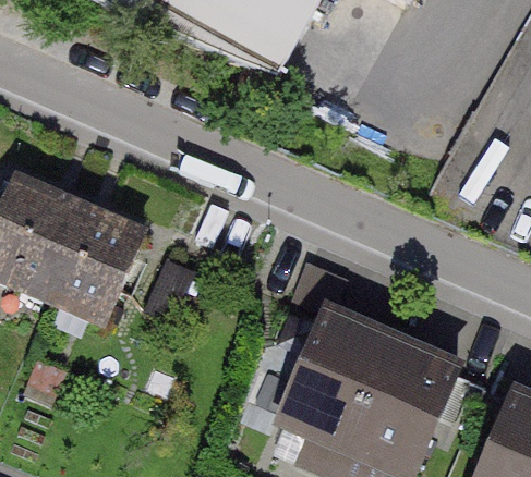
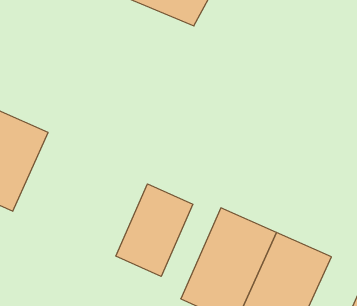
building: [40,199,153,333] -> none
building: none -> [116,184,193,276]

